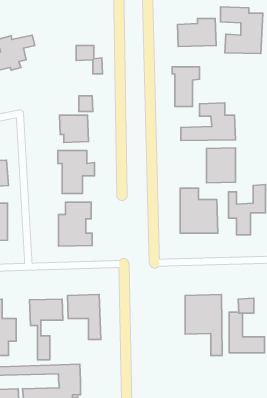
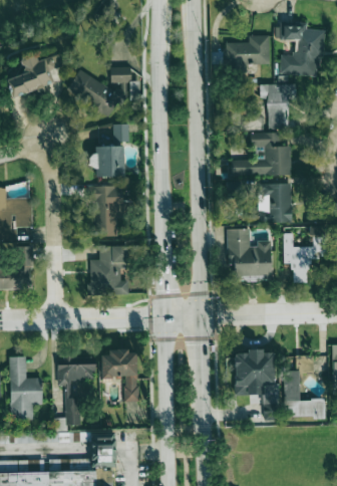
building: none -> [67,71,121,116]
building: [172,67,199,106] -> [265,84,296,130]

